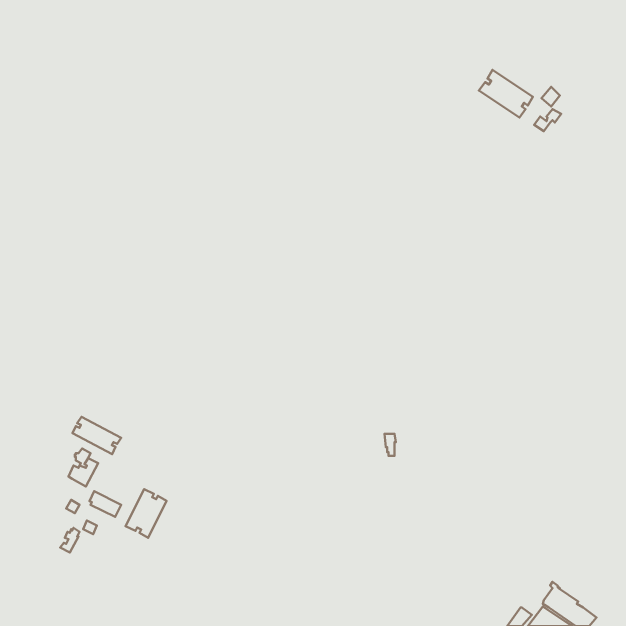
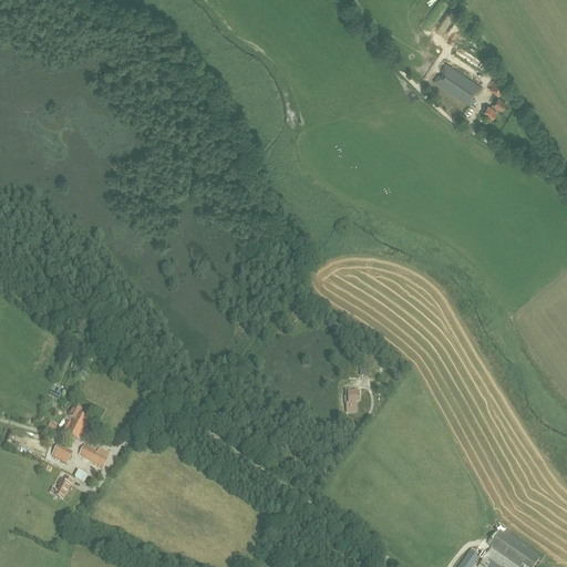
building: [72,417,121,454] -> none
building: [126,489,167,538] -> none

